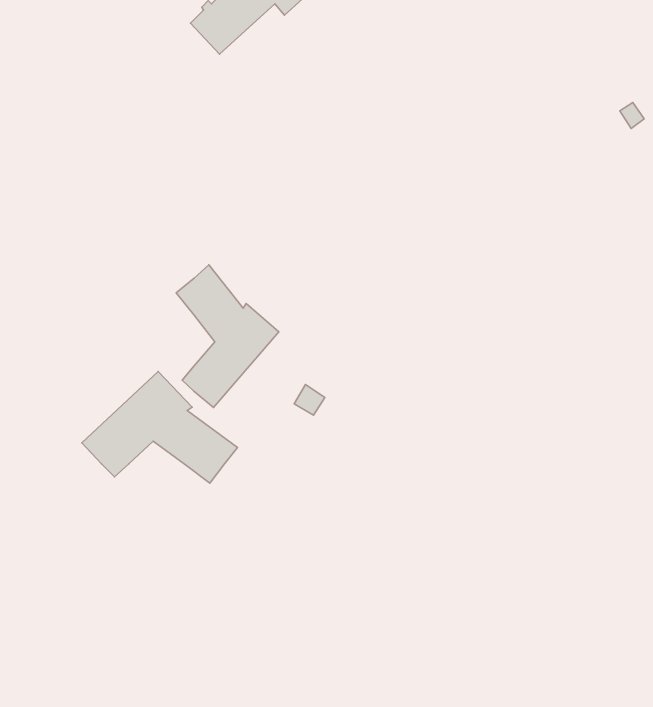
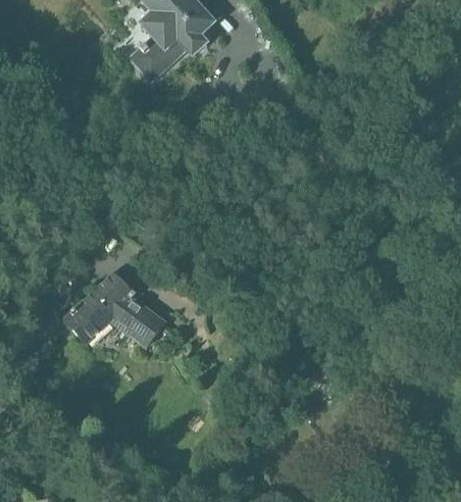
building: [176,265,279,407] -> none

